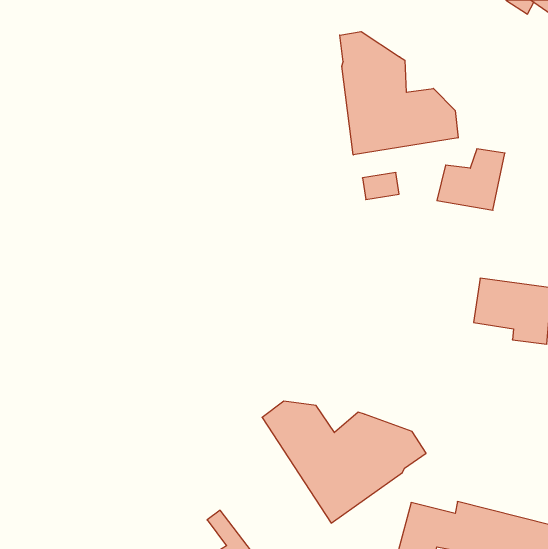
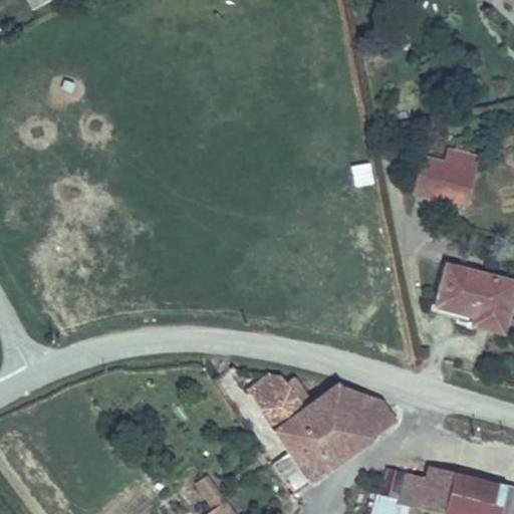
building: [340,32,458,155] -> none

